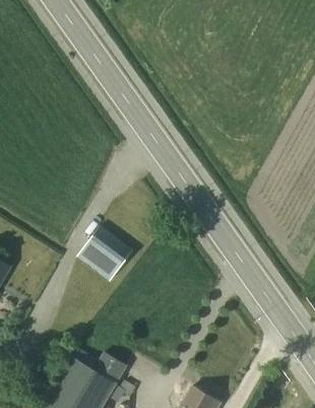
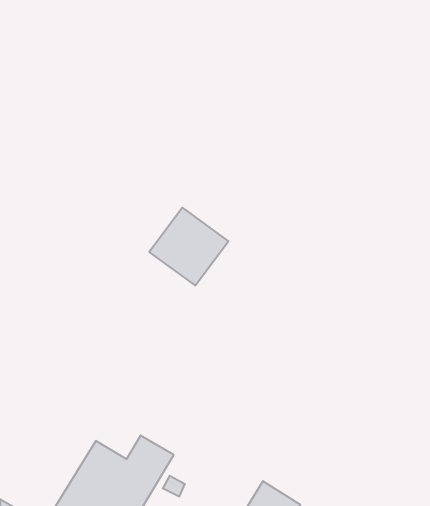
building: [76,225,134,282] -> [149,208,228,286]

